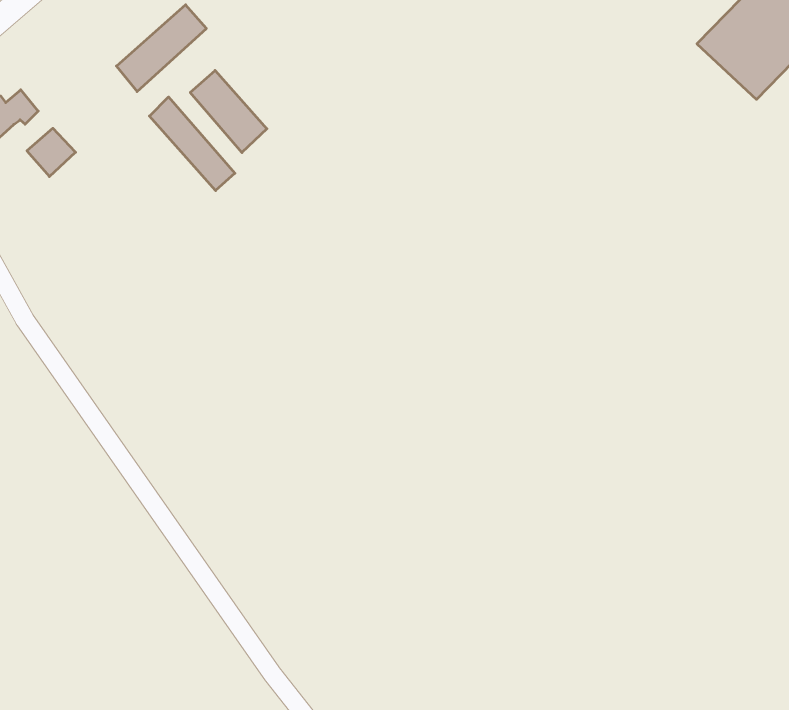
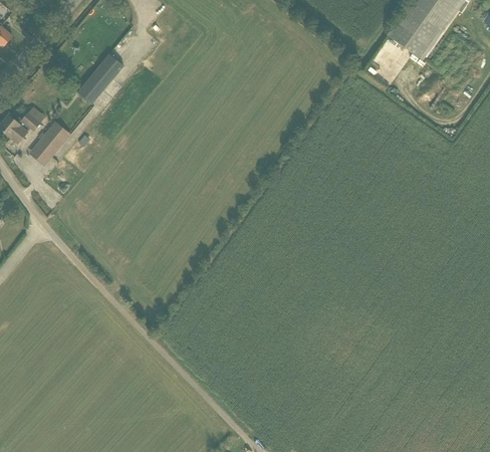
building: [190,70,267,153] -> none
building: [149,97,235,191] -> none

